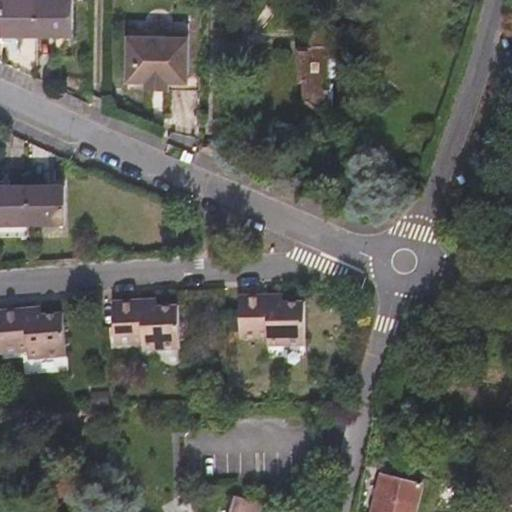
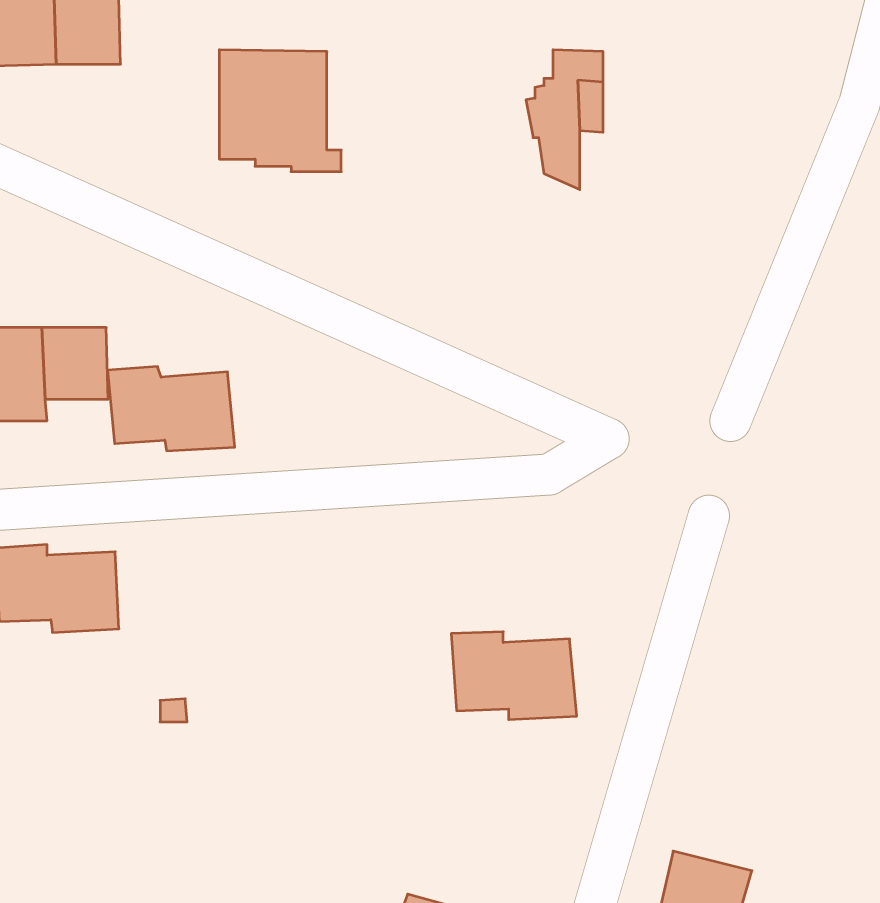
building: [236,292,306,341] -> [451,632,577,720]
building: [113,297,184,344] -> [107,367,235,451]

